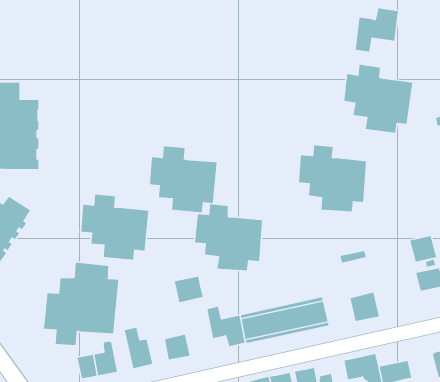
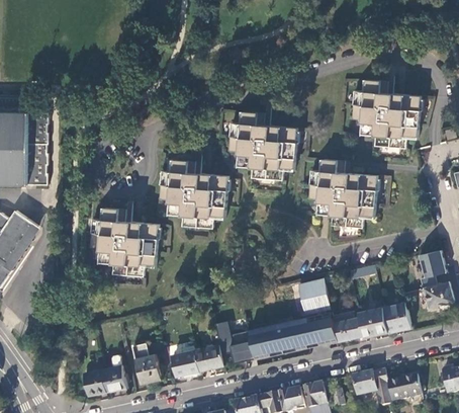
building: [355,7,399,53] -> none
building: [194,204,263,271] -> [227,112,296,180]
building: [43,262,119,346] -> none
building: none -> [295,279,328,312]
building: [174,276,204,303] -> [194,345,224,373]
building: none -> [383,304,411,333]
building: none -> [333,312,364,342]

